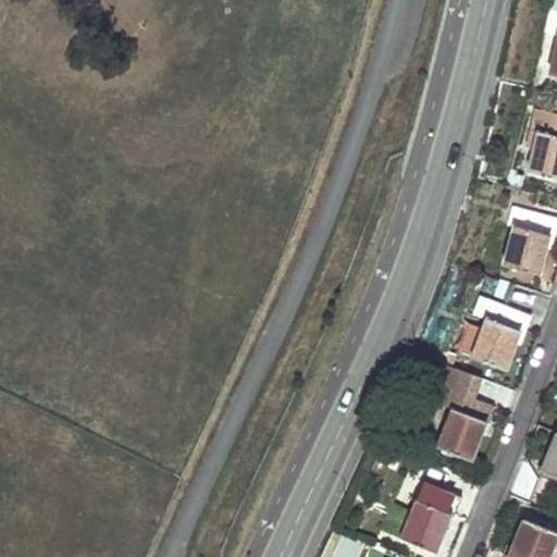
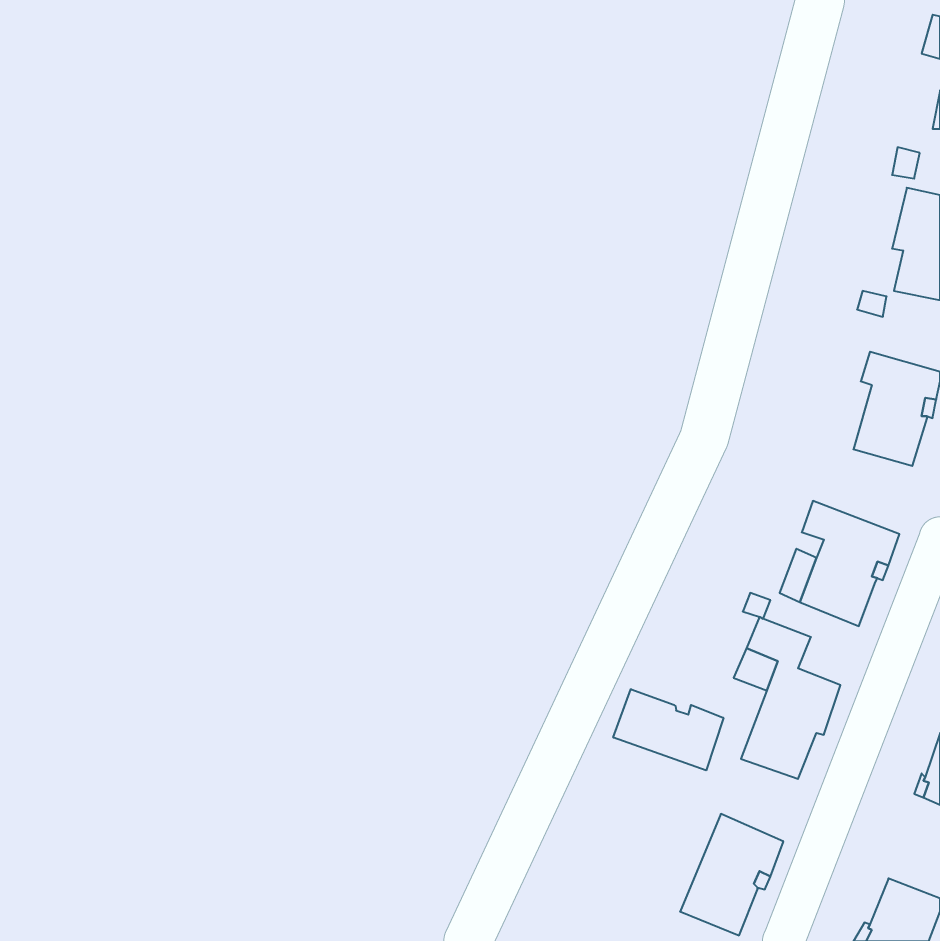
building: none -> [613,689,723,770]

